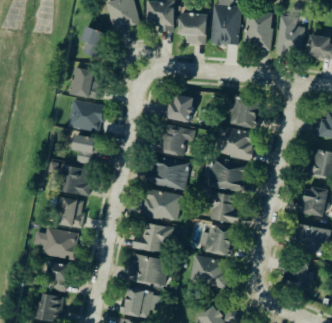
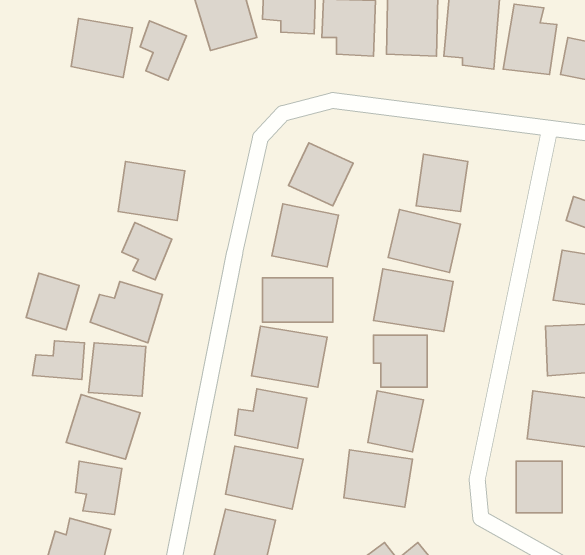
building: [70,67,103,99] -> [71,18,132,78]
building: none -> [26,273,79,330]
building: none -> [32,341,85,379]

